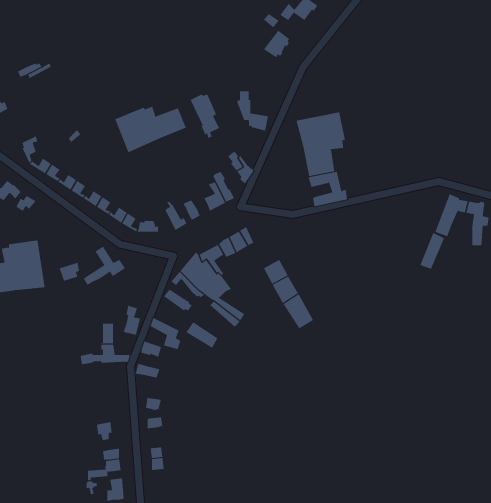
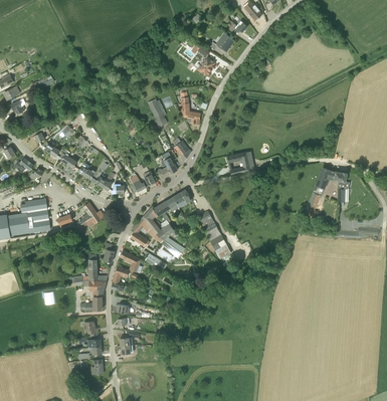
building: [115,106,187,153] -> none
building: [296,112,345,177] -> none
building: none -> [81,280,107,310]

